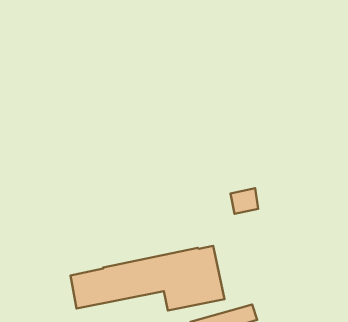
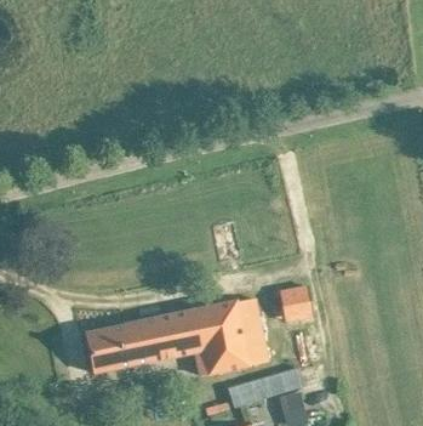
building: [230,188,258,214] -> [280,286,313,317]

